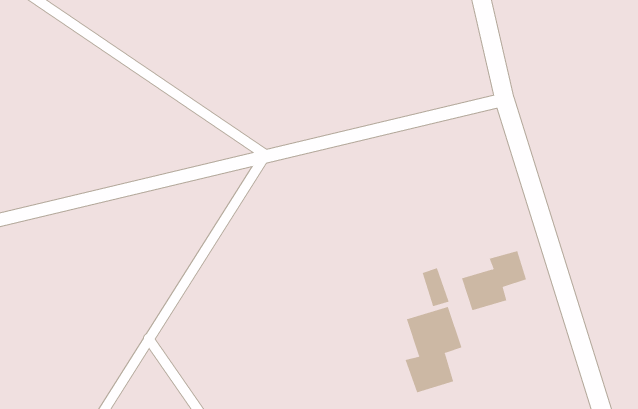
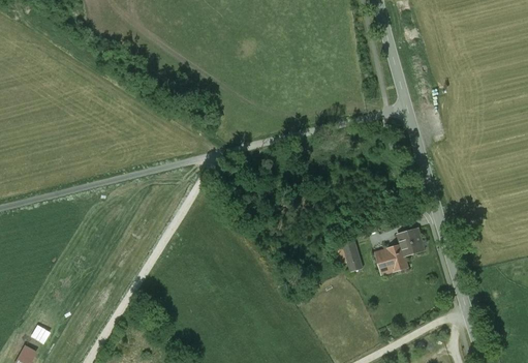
building: [405,306,462,393] -> none

